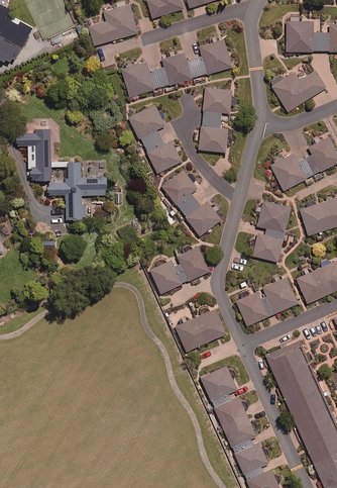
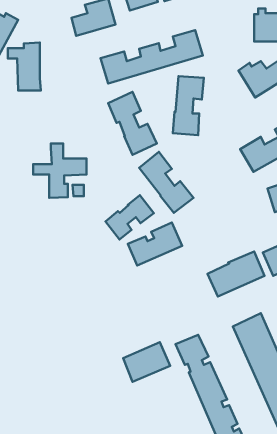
building: [17,128,52,180] -> [8,43,41,90]
building: [252,200,291,262] -> none
building: none -> [105,195,154,239]
building: [176,308,226,351] -> [123,342,170,382]

